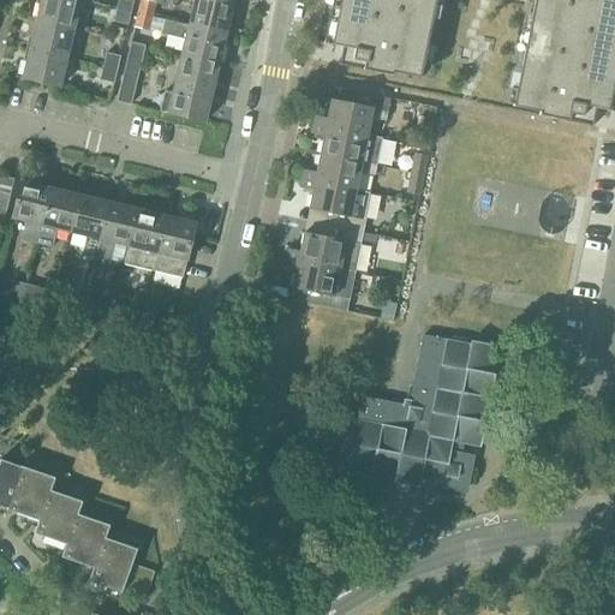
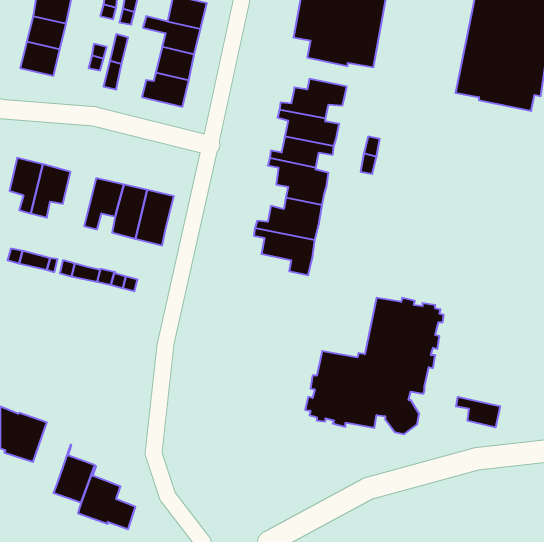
building: [72,193,109,255] -> none
building: none -> [456,397,500,427]
building: [34,476,80,543] -> none

